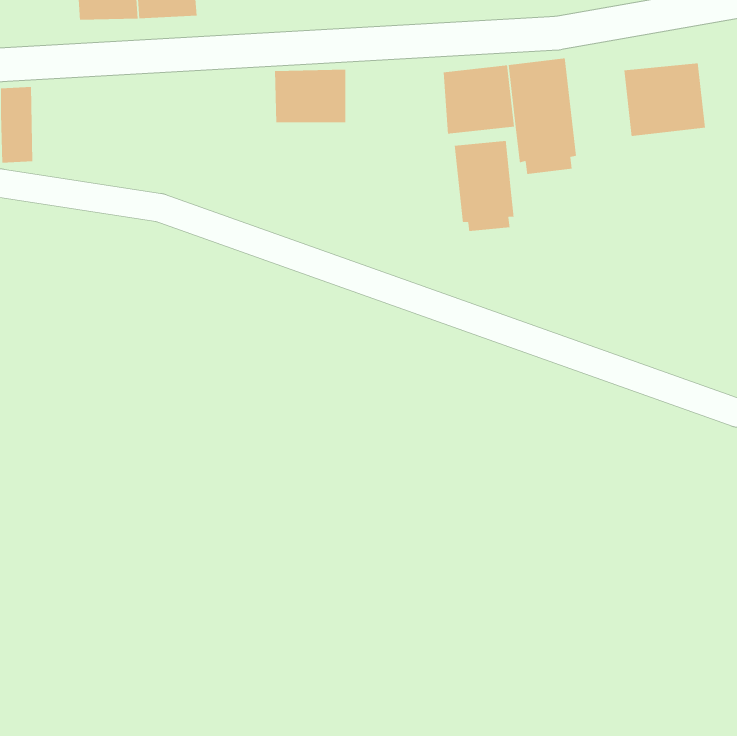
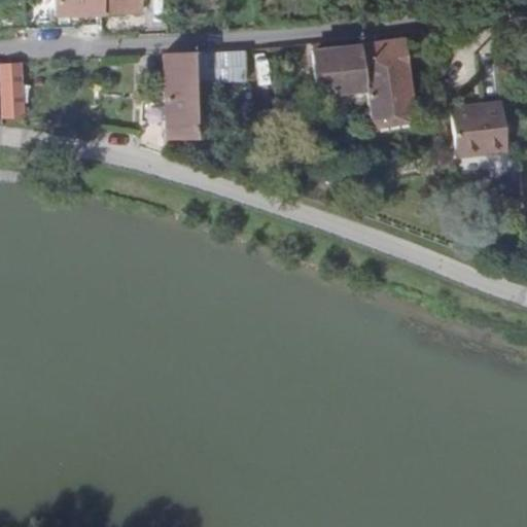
building: [623,63,706,137] -> [453,106,512,159]
building: none -> [166,50,198,138]
building: [454,140,514,232] -> none

